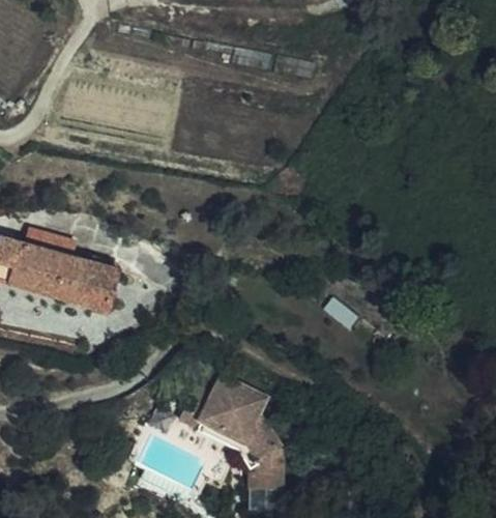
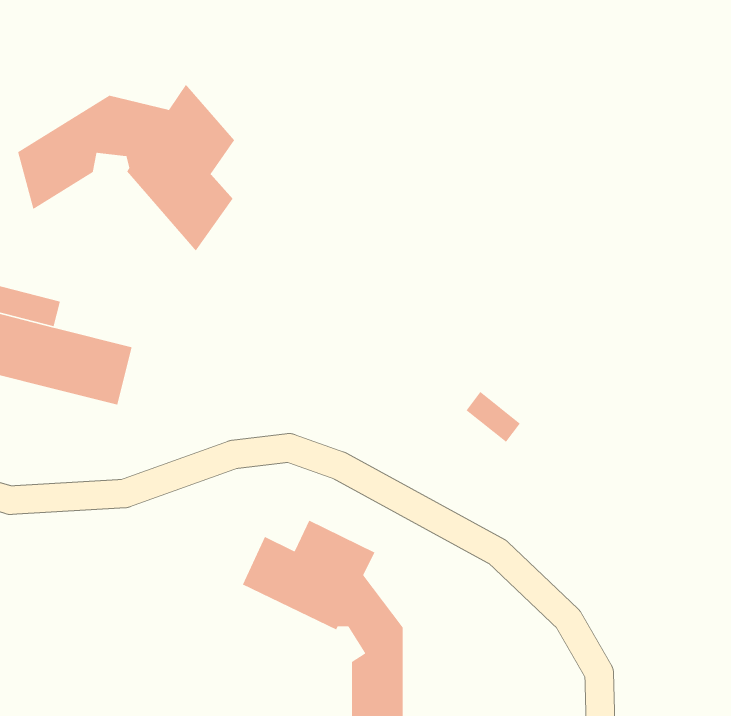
building: none -> [17,84,235,252]

